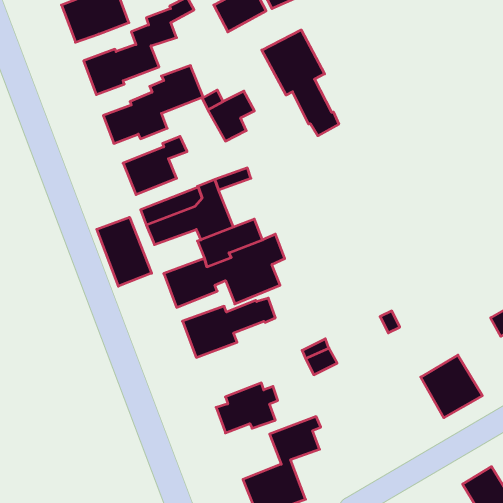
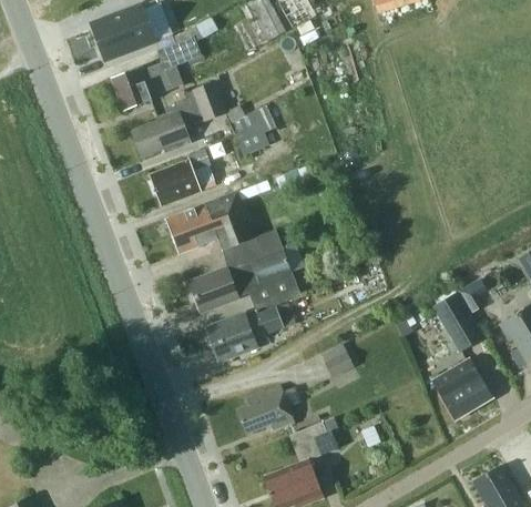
building: [262,30,339,136] -> none
building: [97,217,152,286] -> none
building: none -> [432,293,483,352]

